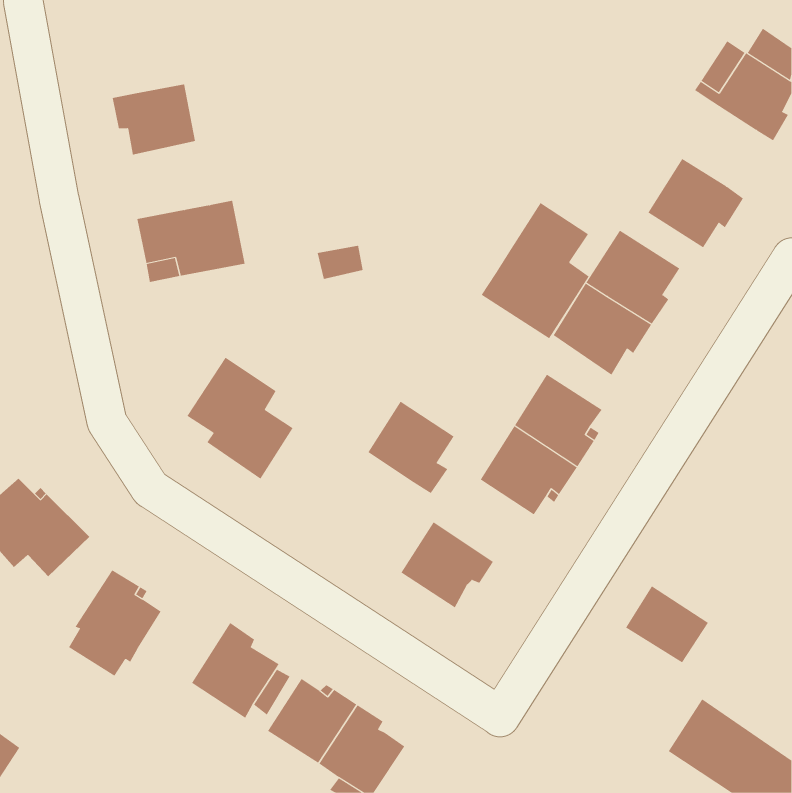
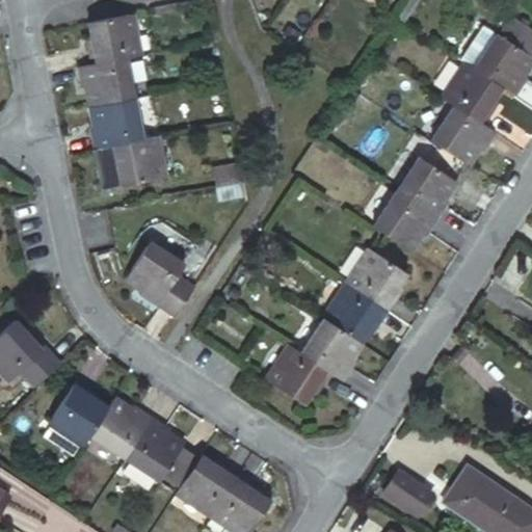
building: none -> [86,14,140,62]
building: none -> [445,62,506,125]
building: none -> [86,95,140,147]
building: [481,202,590,339] -> none
building: [367,401,454,494] -> [299,321,357,383]
building: [625,585,709,663] -> [376,463,432,515]
building: none -> [92,398,154,457]

